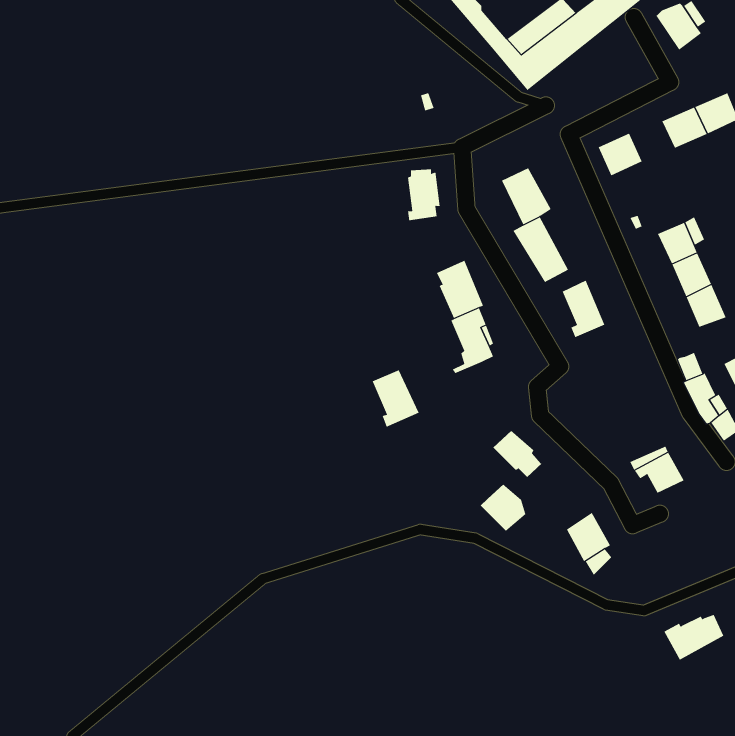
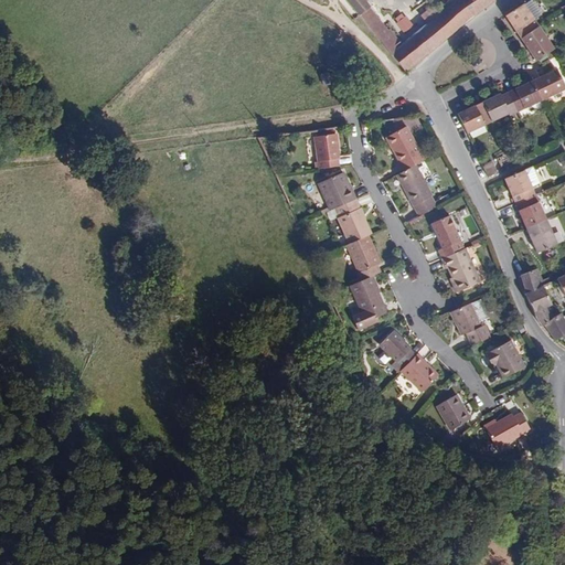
building: none -> [521,25,554,60]
building: none -> [483,93,518,124]
building: none -> [319,172,355,211]
building: none -> [441,248,480,291]
building: [372,370,420,427] -> [350,277,386,321]
building: none -> [450,303,490,344]
building: [480,484,526,532] -> [399,354,435,391]
building: [664,614,724,661] -> [479,414,525,449]

